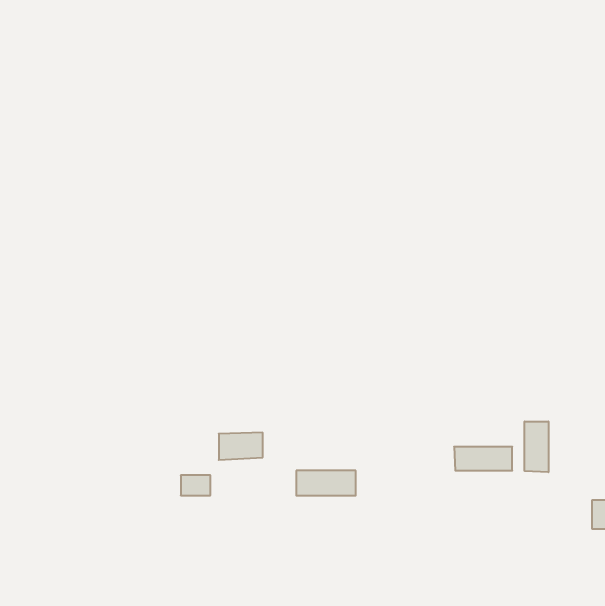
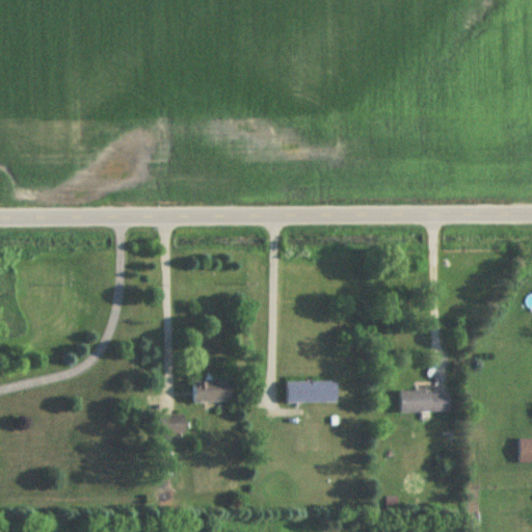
building: [525,421,548,472] -> none
building: [296,471,356,496] -> [286,380,338,402]

